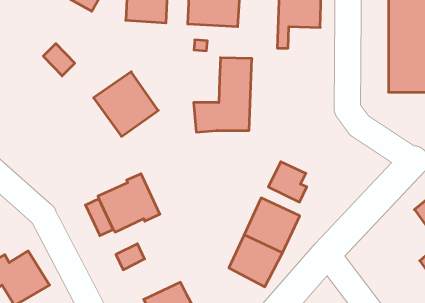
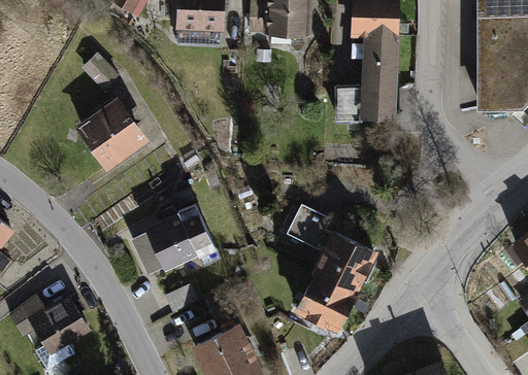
building: [194,58,252,132] -> [333,35,400,121]
building: [94,72,158,136] -> [73,97,147,171]
building: [268,162,307,202] -> [287,205,331,251]

